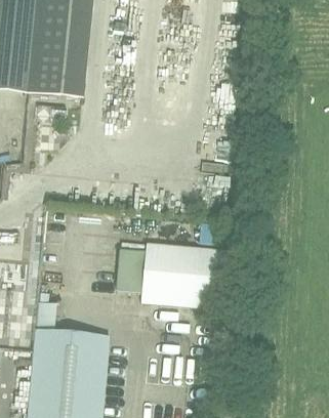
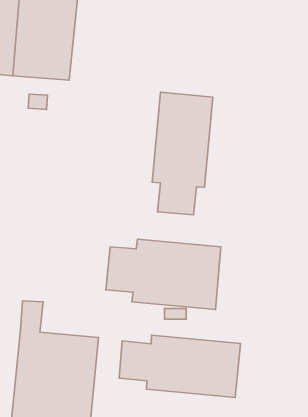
building: none -> [152,92,213,215]
building: none -> [119,335,240,397]

